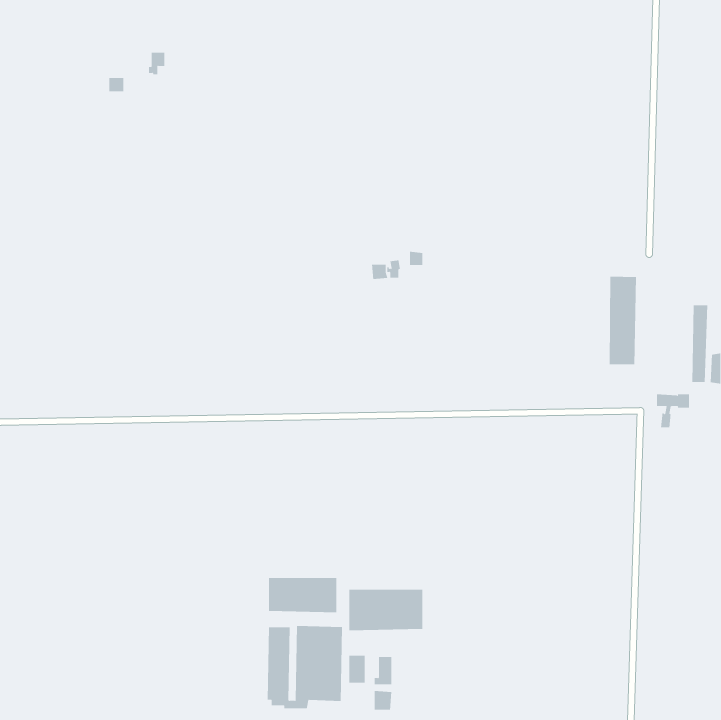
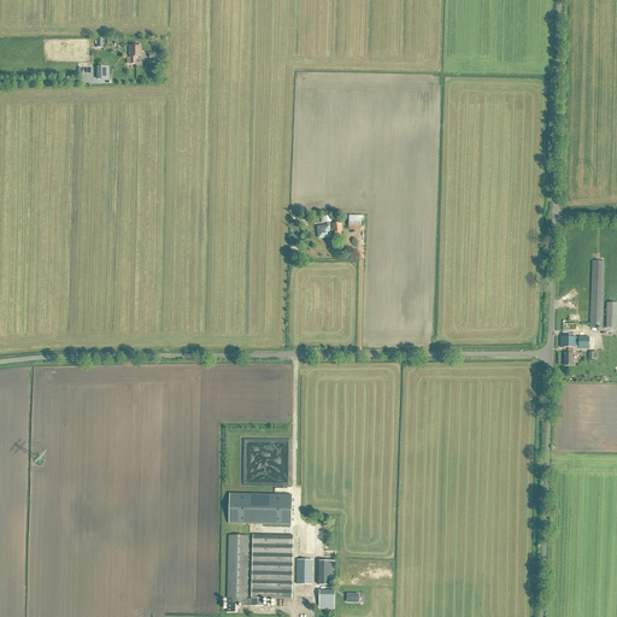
building: [609,276,637,365] -> none
building: [349,589,423,631] -> none

